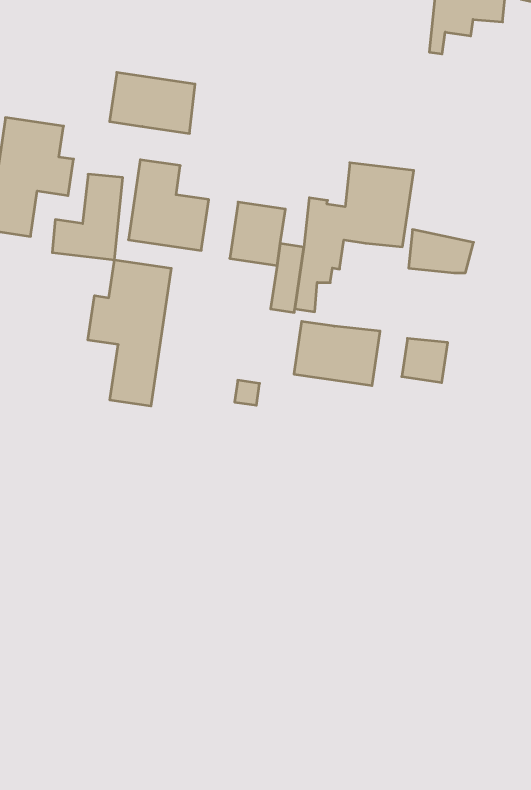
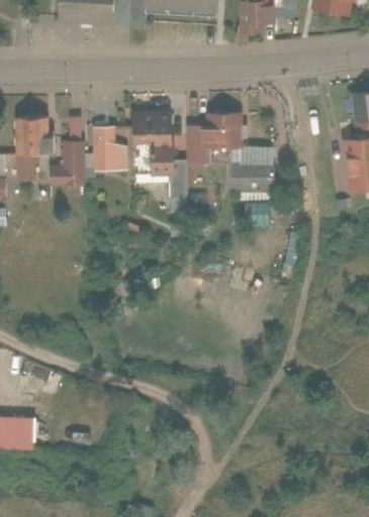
building: [110,72,195,133] -> [130,113,175,140]
building: [88,260,171,406] -> none
building: [294,321,380,386] -> [228,162,272,192]

